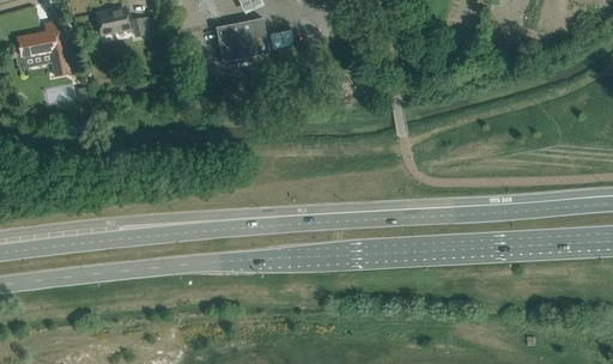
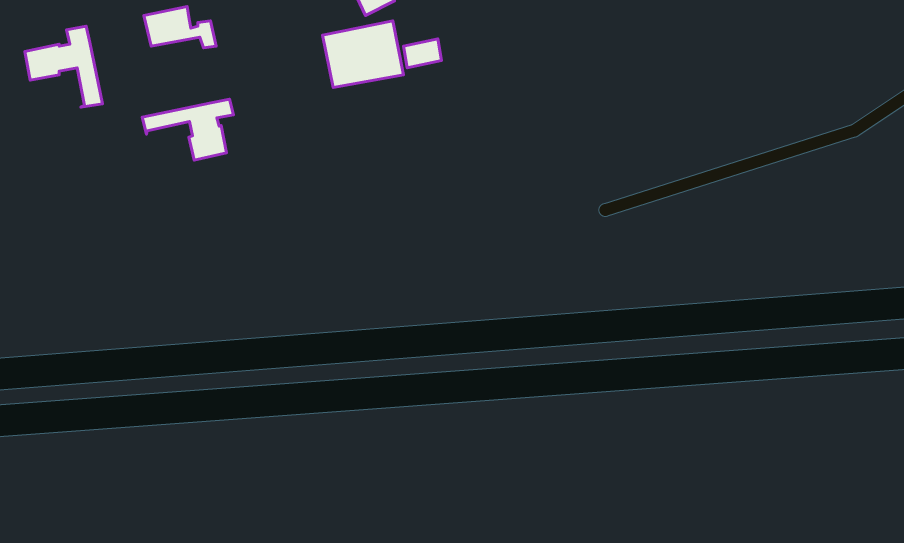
building: none -> [142,99,233,160]

